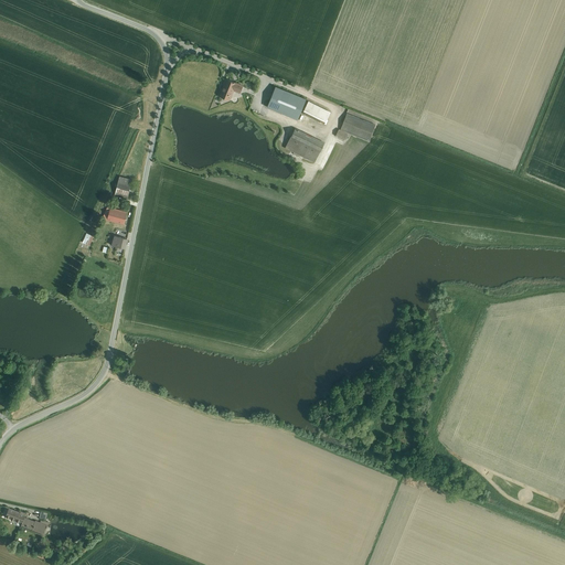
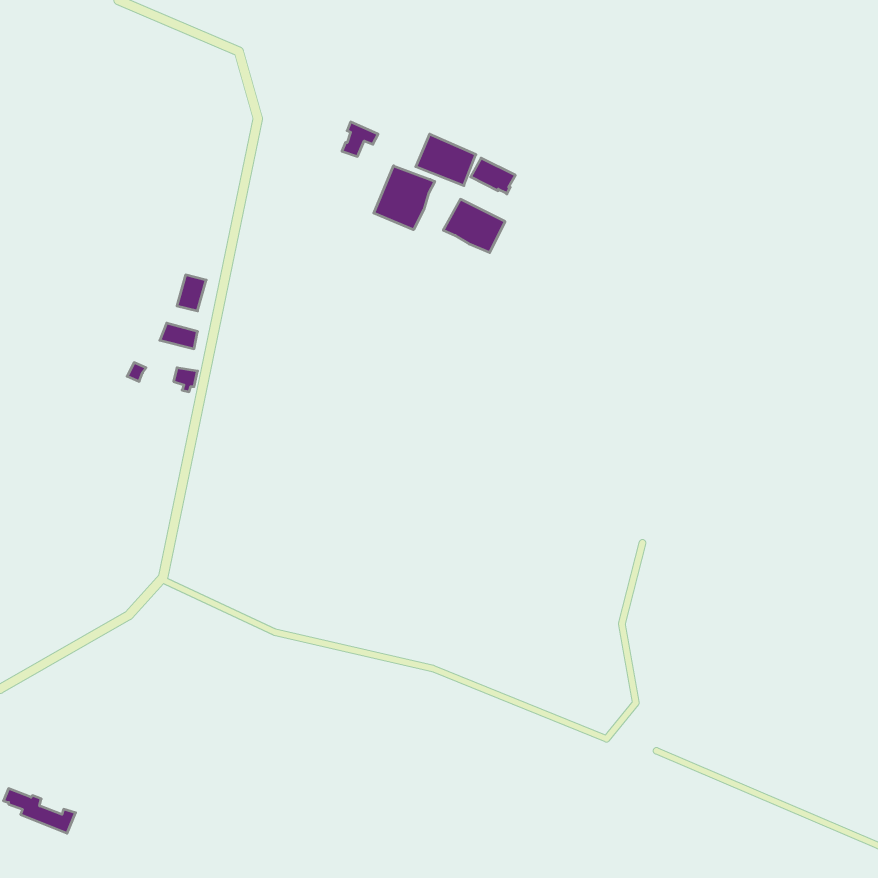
building: none -> [374,166,435,230]
building: [335,114,375,141] -> none

